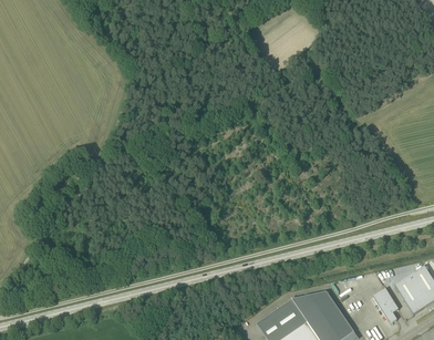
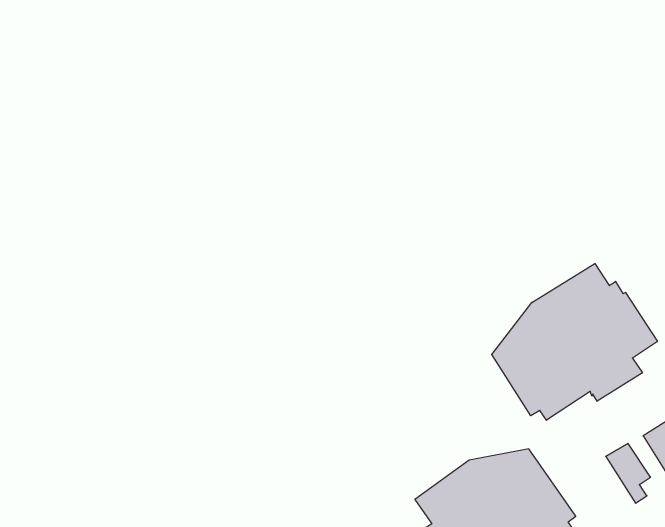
building: none -> [492,263,657,420]

